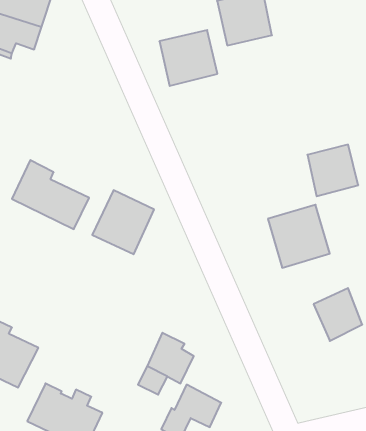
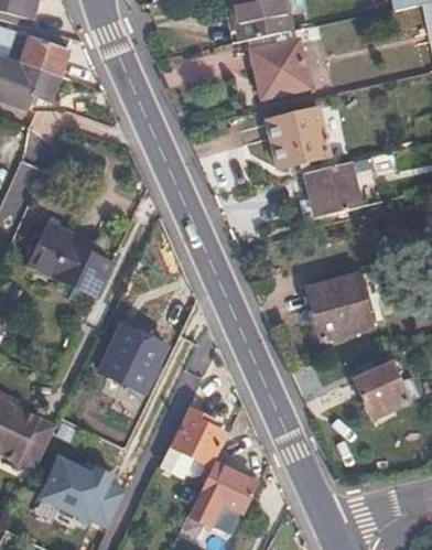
building: [159,30,217,86] -> [268,107,331,168]
building: [307,145,358,196] -> [306,161,361,217]
building: [92,190,154,254] -> [100,323,168,392]

